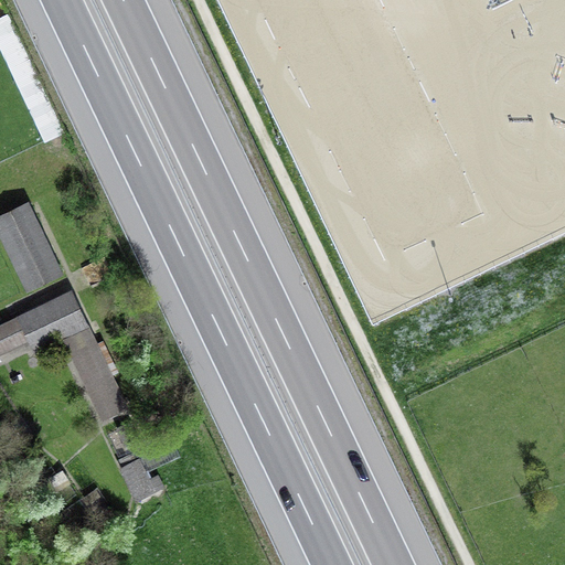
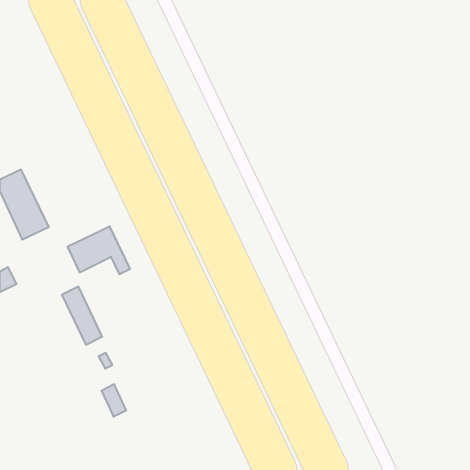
building: [19,292,94,350] -> [68,226,130,274]

